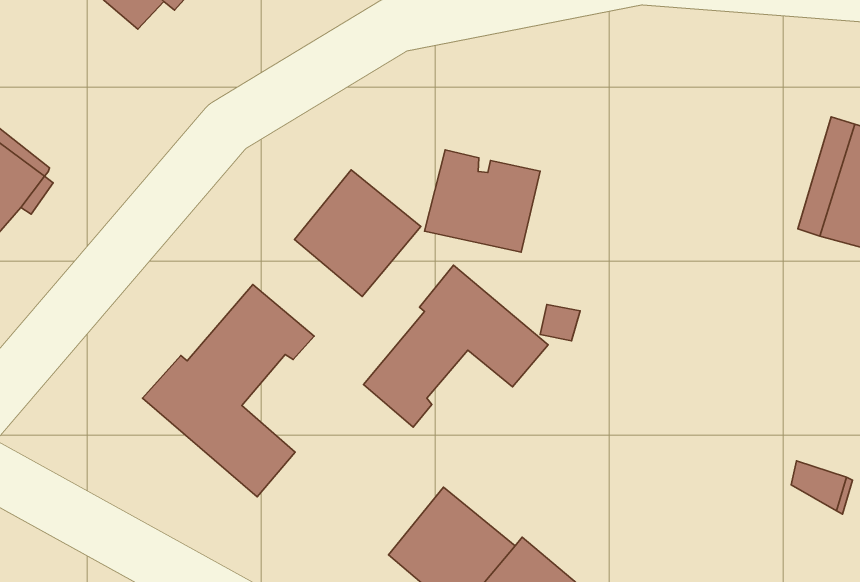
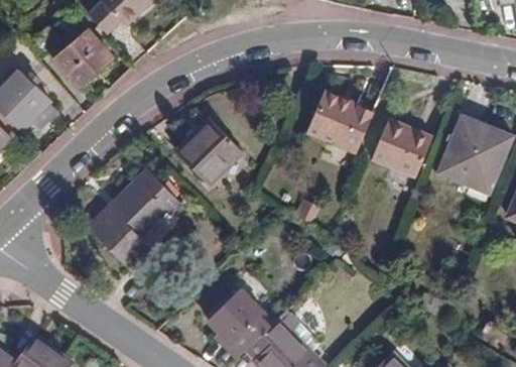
building: none -> [52,29,111,86]
building: none -> [377,124,432,173]
building: [424,150,540,252] -> [310,96,374,153]
building: [363,265,548,427] -> none

